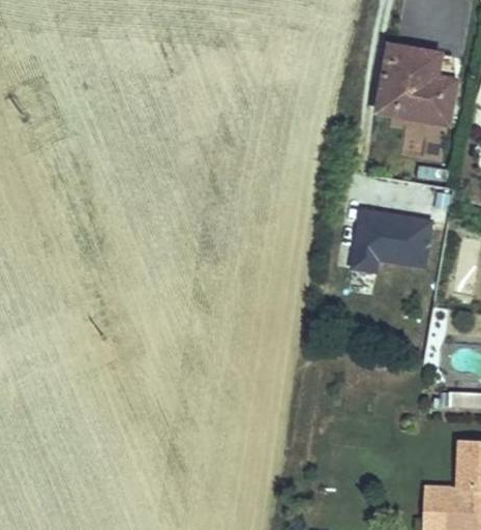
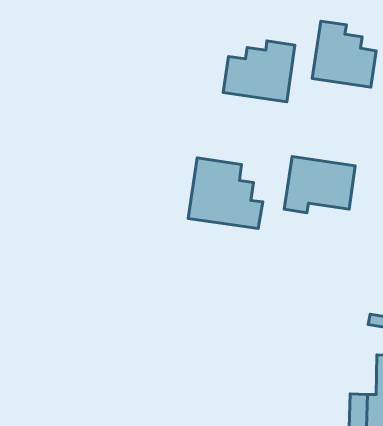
building: none -> [223,41,295,102]
building: none -> [188,158,263,229]

